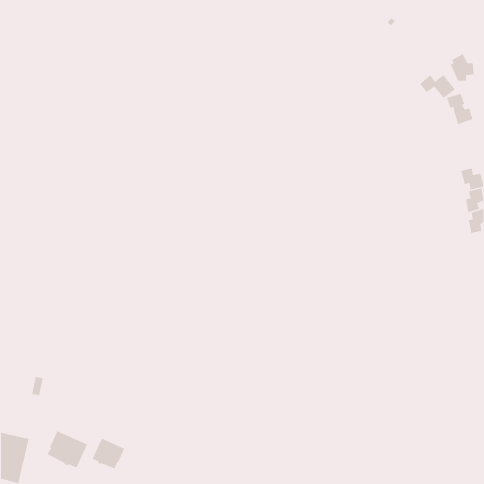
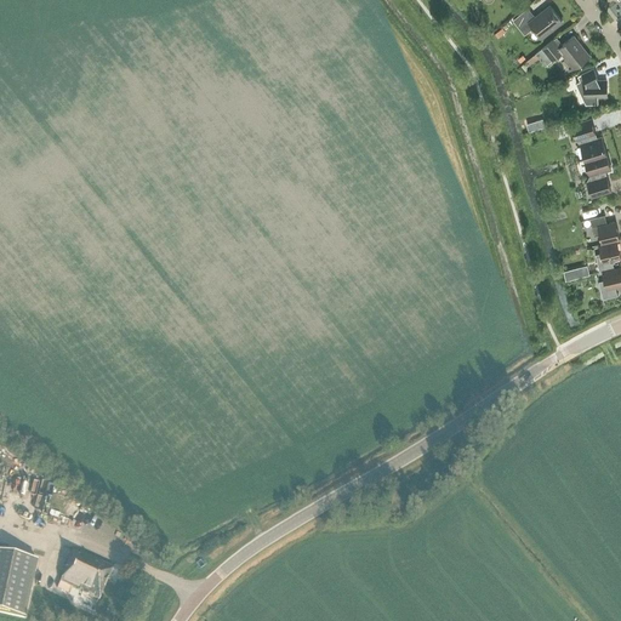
building: none -> [513,6,563,38]
building: [419,74,456,99] -> [542,36,589,68]
building: none -> [586,153,611,196]
building: [92,438,125,470] -> none

